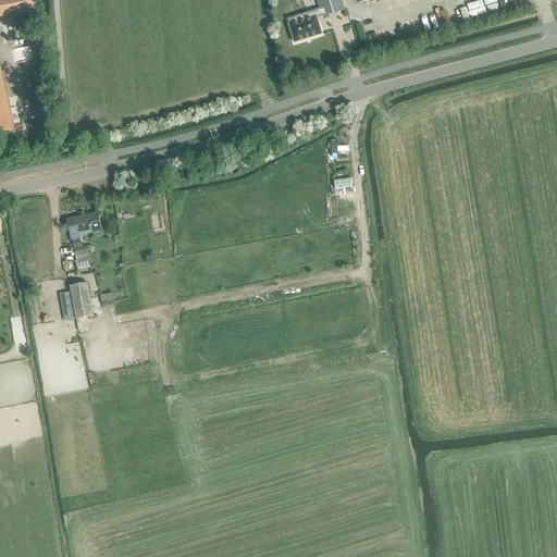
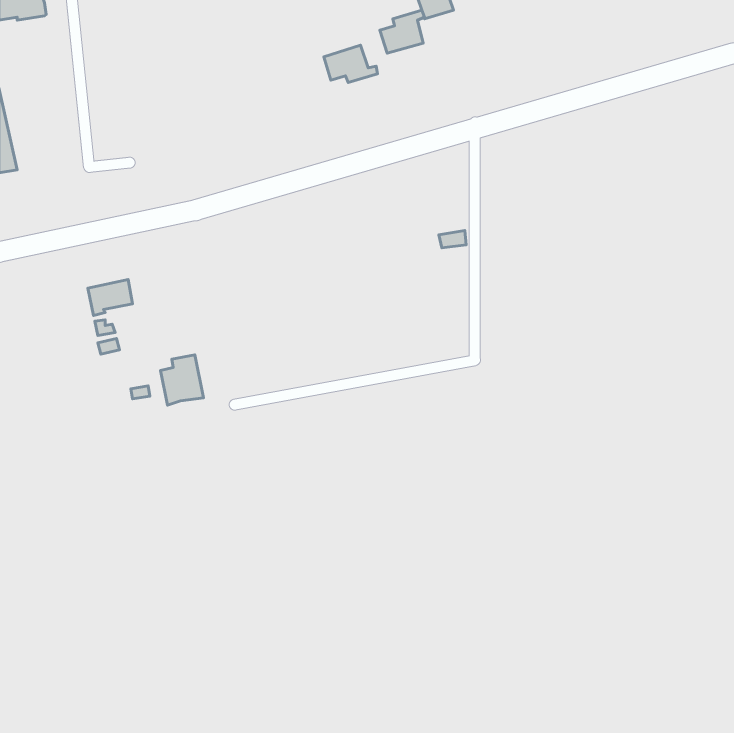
building: none -> [324,45,378,83]
building: [60,282,92,320] -> [160,355,204,405]

